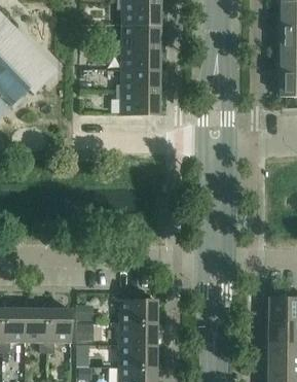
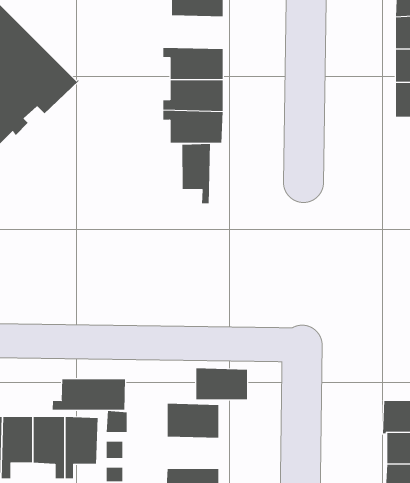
building: [116,24,159,47] -> none
building: none -> [182,143,211,204]
building: none -> [52,378,126,411]
building: [119,322,156,345] -> [196,368,248,400]

